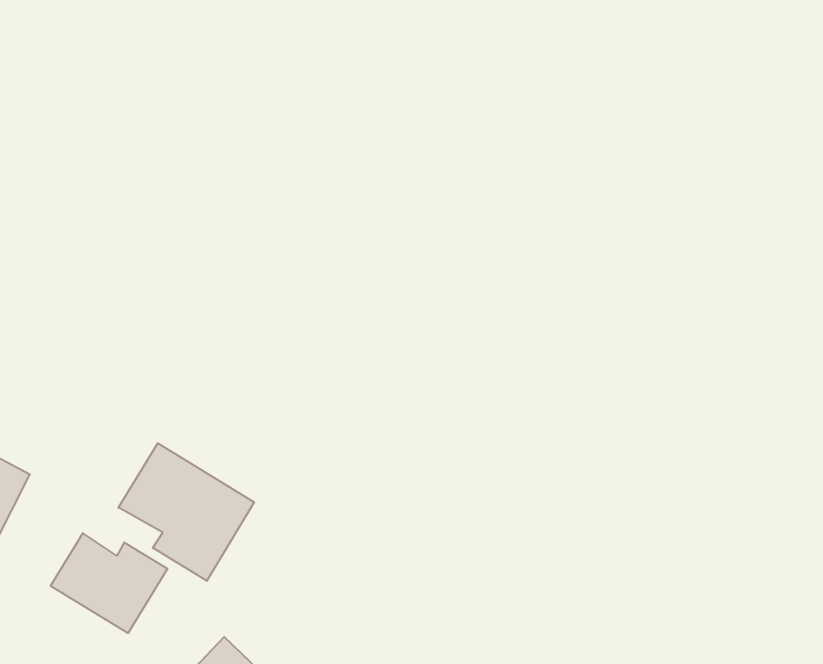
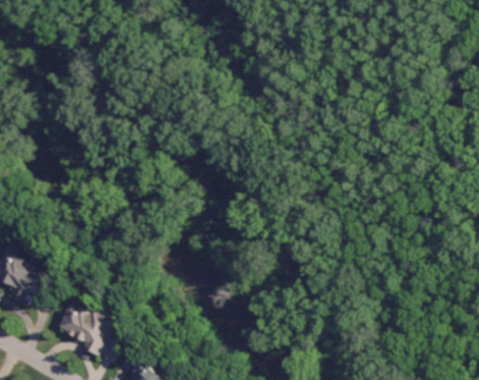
building: [118,443,254,581] -> none

